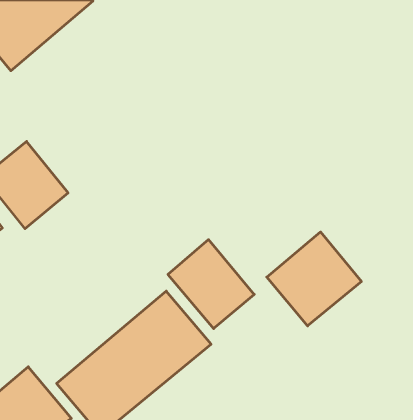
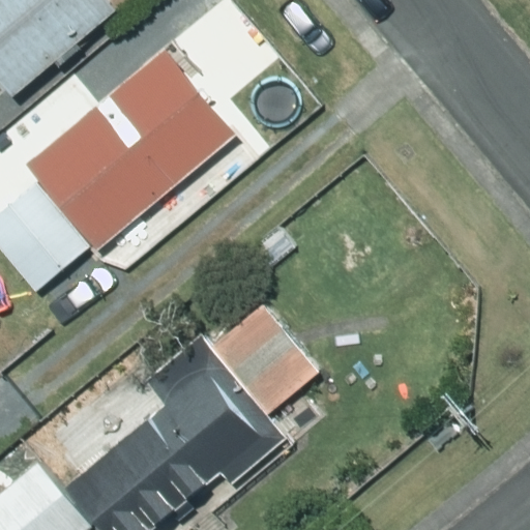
building: none -> [29,50,236,246]
building: [267,232,361,326] -> none

